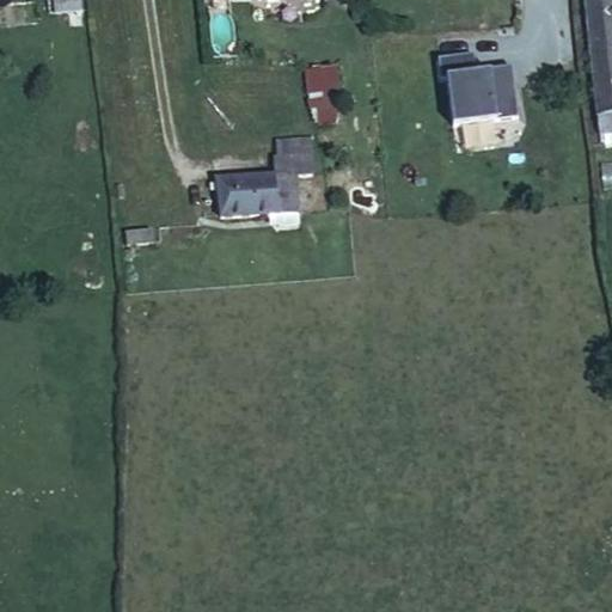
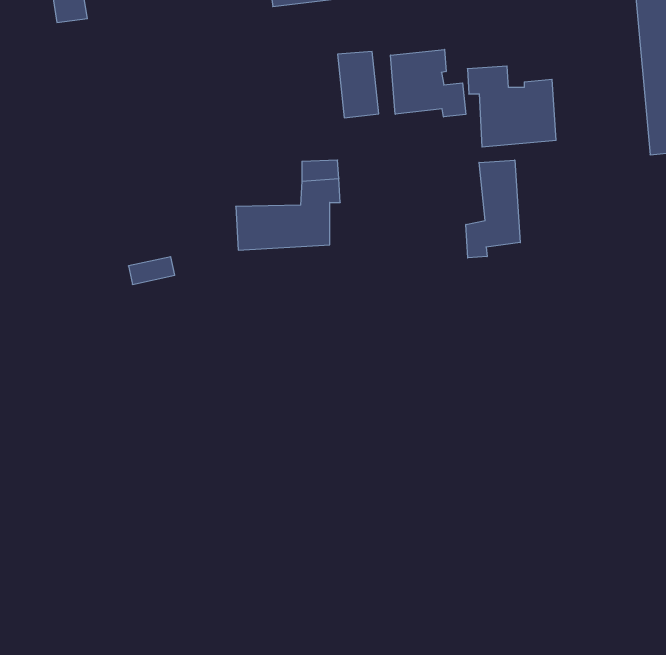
building: none -> [391,49,466,117]
building: none -> [466,160,520,258]

